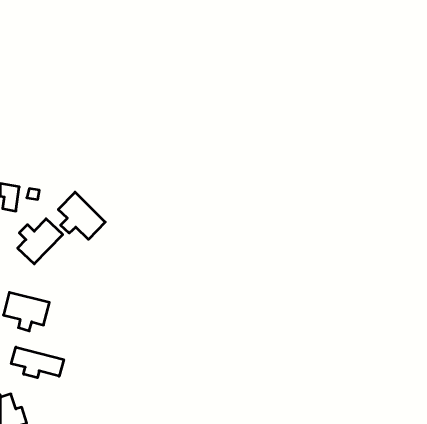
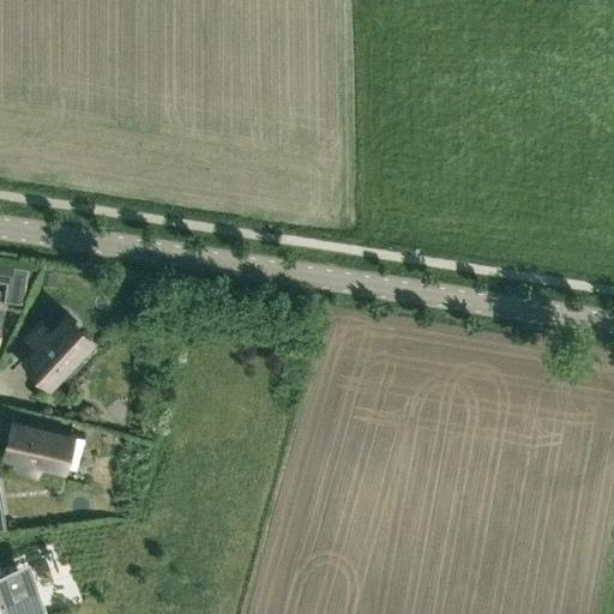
building: [58,192,105,239] -> none
building: [11,347,64,378] -> none

